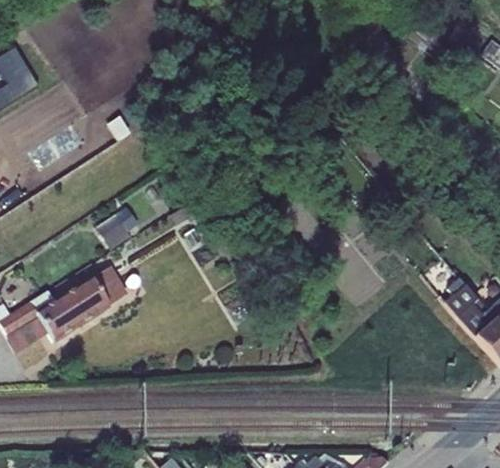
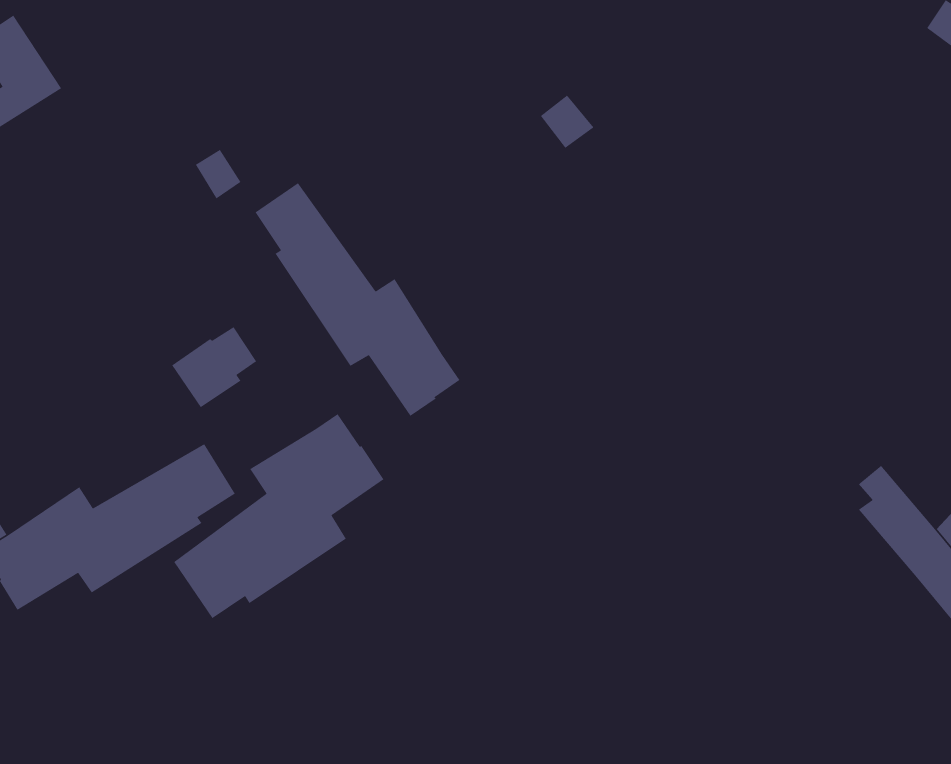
building: none -> [255,182,460,417]
building: none -> [173,413,385,619]

